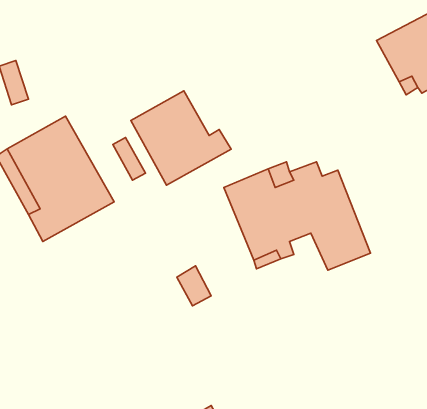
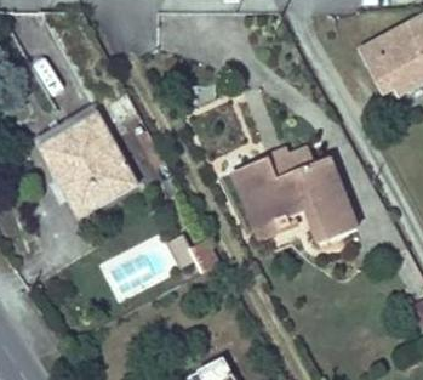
building: [131,91,231,185] -> none

